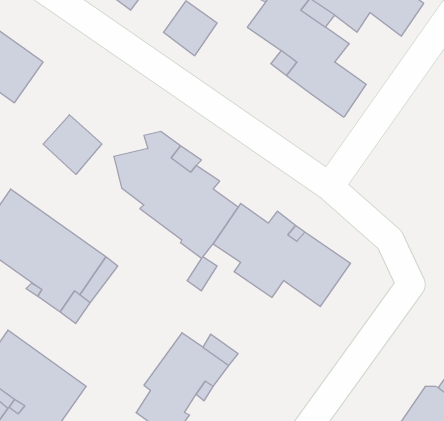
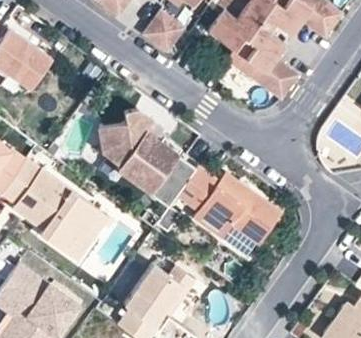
building: [43,115,102,174] -> none

